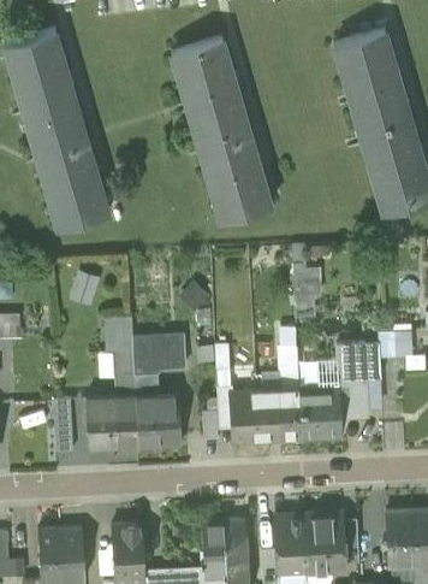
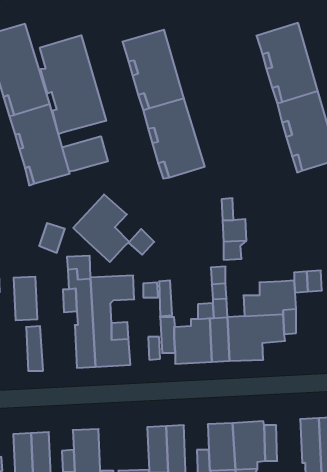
building: none -> [40,35,106,134]
building: none -> [62,136,108,171]
building: none -> [73,194,129,262]
building: [87,396,115,449] -> [14,277,37,320]

